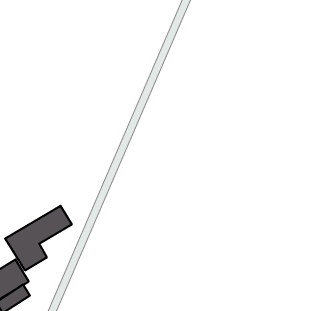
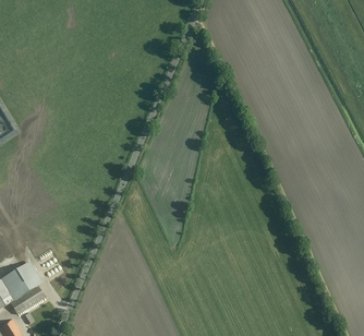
building: [5,206,72,270] -> none

